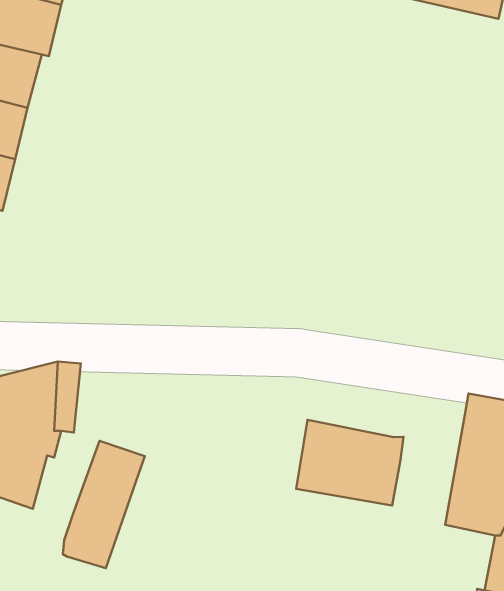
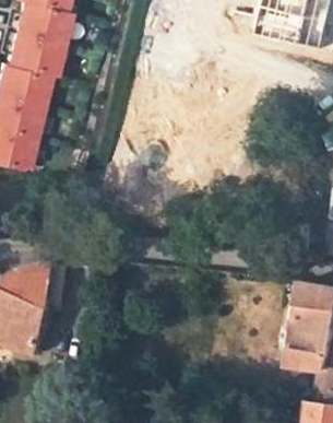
building: [296,420,404,506] -> none
building: [63,441,145,568] -> none

